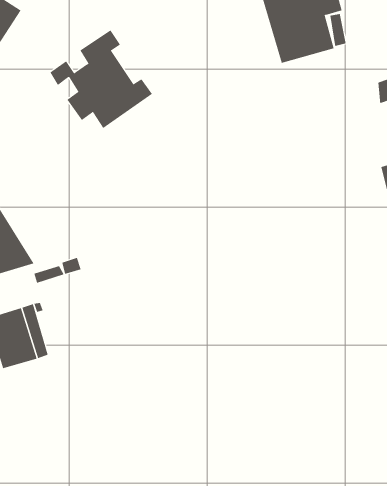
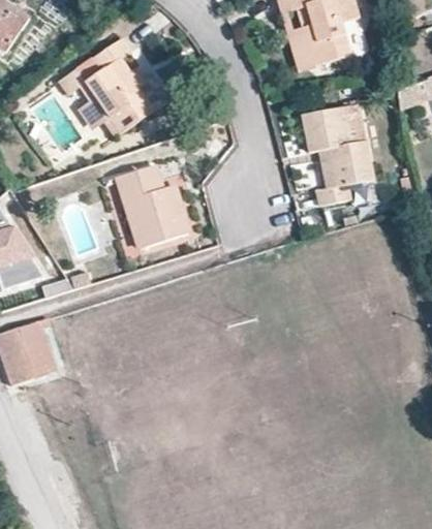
building: none -> [303,103,372,206]
building: none -> [118,164,189,249]

